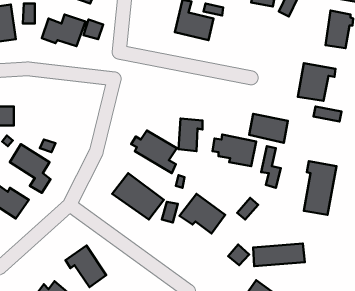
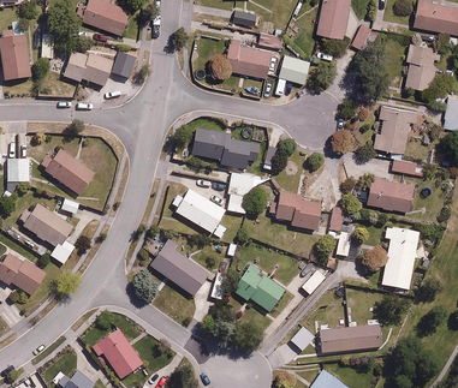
building: none -> [278,53,310,83]
building: none -> [198,131,250,169]
building: none -> [42,145,95,195]
building: [249,114,288,143] -> [367,177,414,211]

